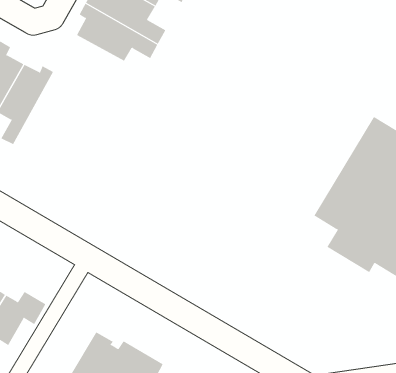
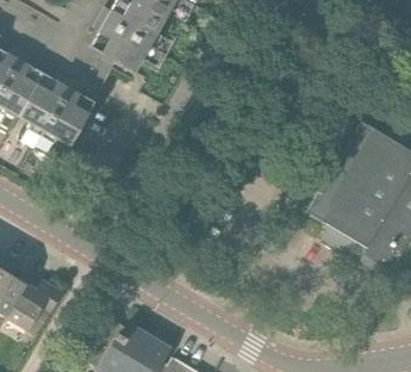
building: none -> [35,80,94,154]

